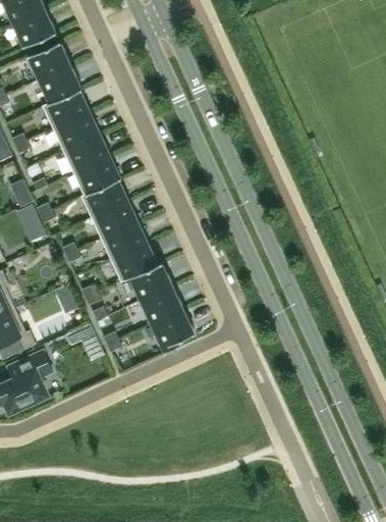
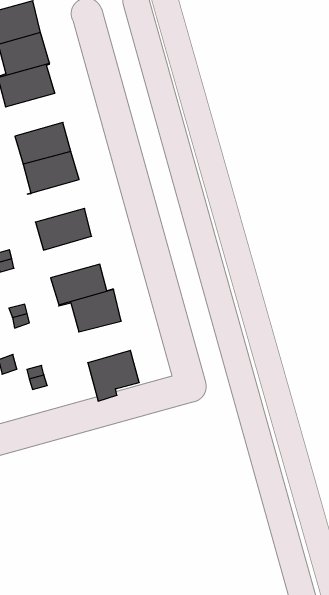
building: [52,111,100,151] -> none
building: [80,177,128,217] -> none
building: [101,221,148,260] -> none
building: [140,285,183,323] -> none

